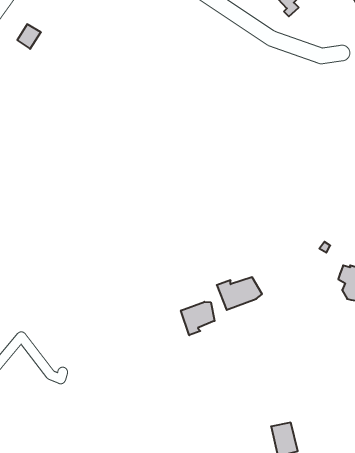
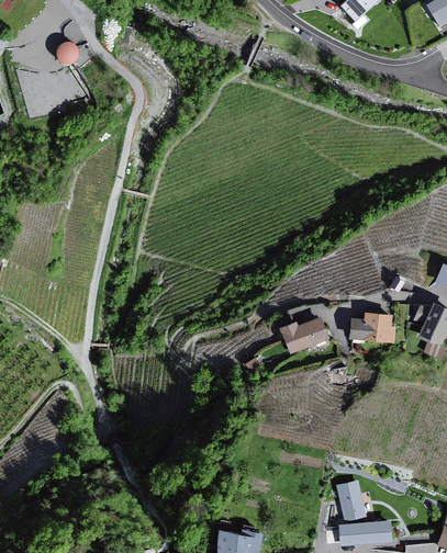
building: none -> [347,313,393,346]
building: [181,302,215,335] -> none

